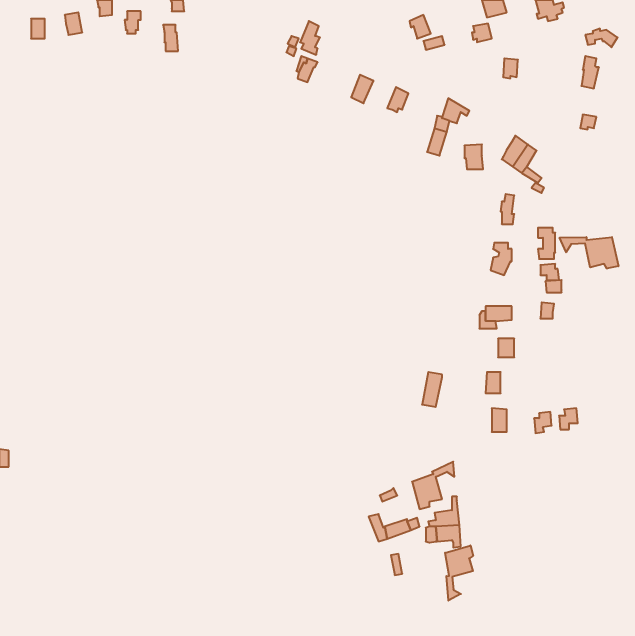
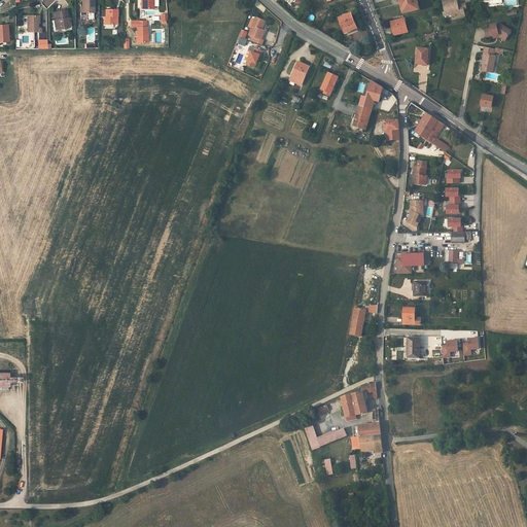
building: [560,237,618,269] -> none
building: [445,545,473,601] -> none

